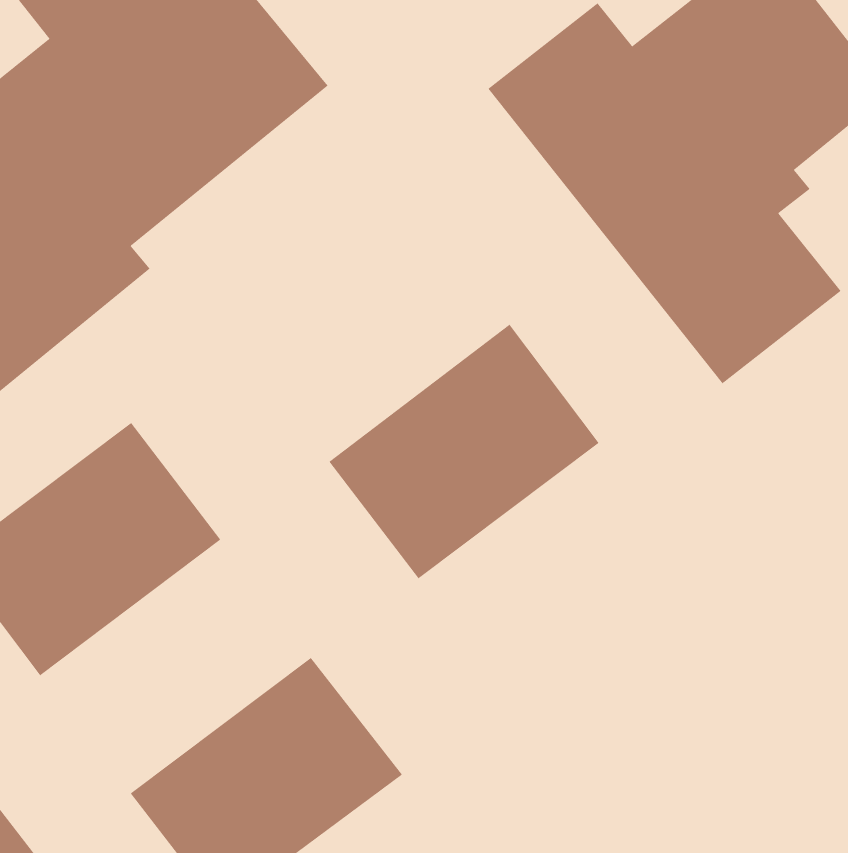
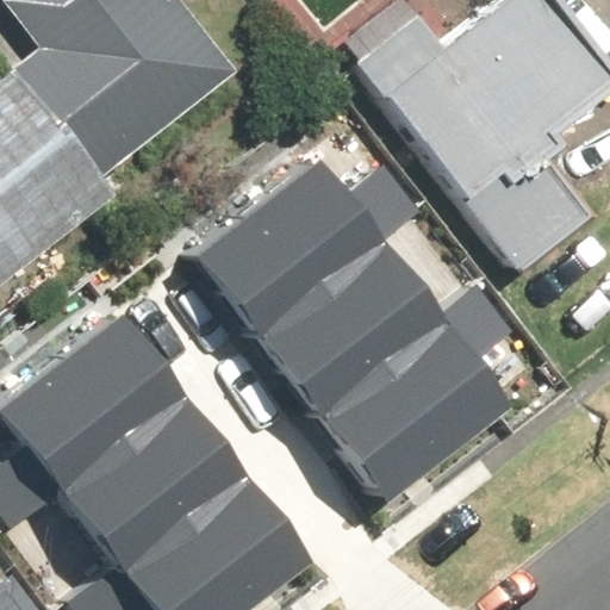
building: none -> [186,150,373,326]
building: none -> [310,313,498,488]
building: none -> [49,380,236,555]

